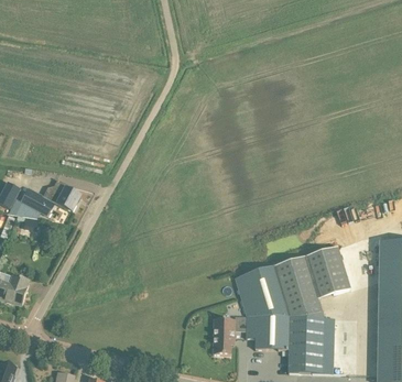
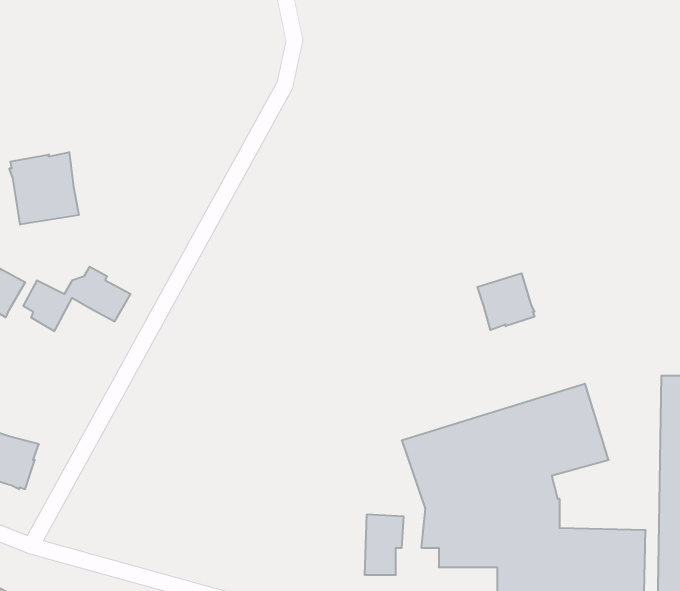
building: none -> [9,152,79,225]
building: none -> [477,273,535,330]

